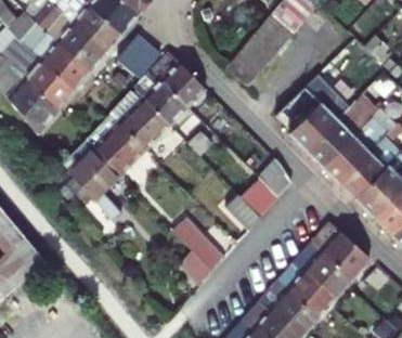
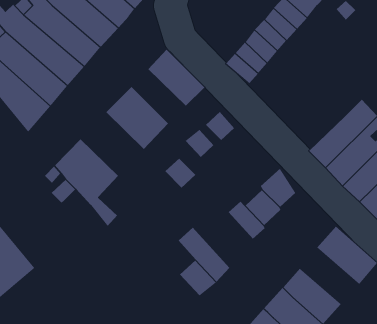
building: [116,29,164,78] -> none
building: [280,64,359,150] -> none
building: [135,71,187,124] -> none
building: [87,113,147,173] -> none
building: [296,242,353,296] -> none

